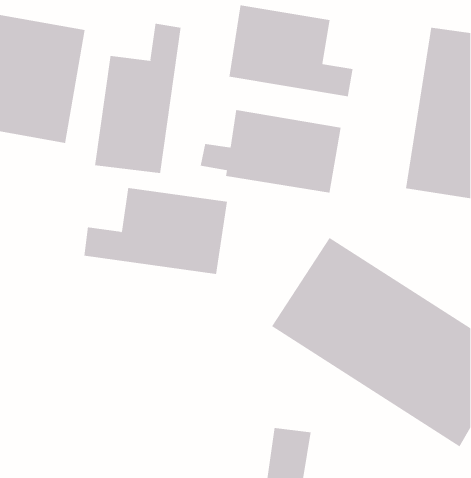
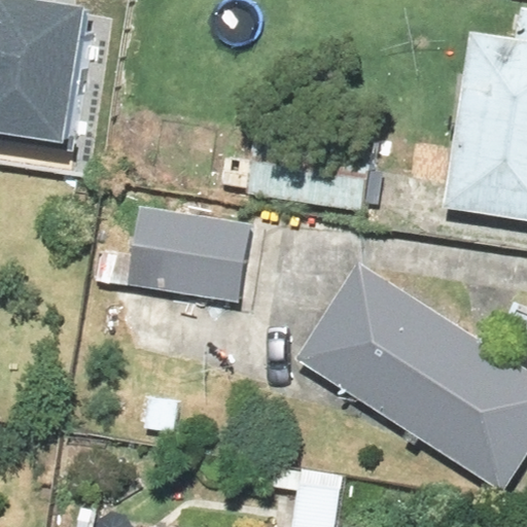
building: [229,4,353,97] -> none
building: [95,23,181,174] -> none

